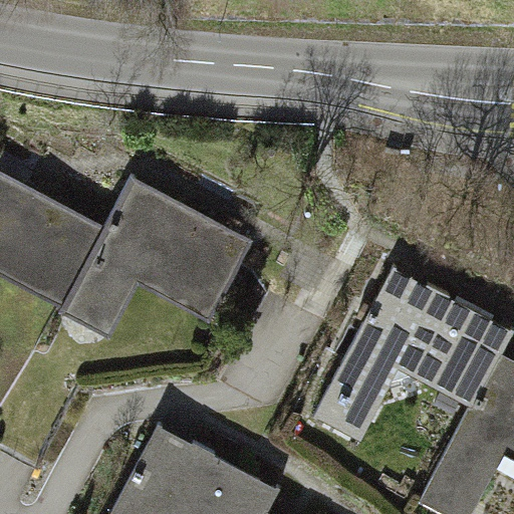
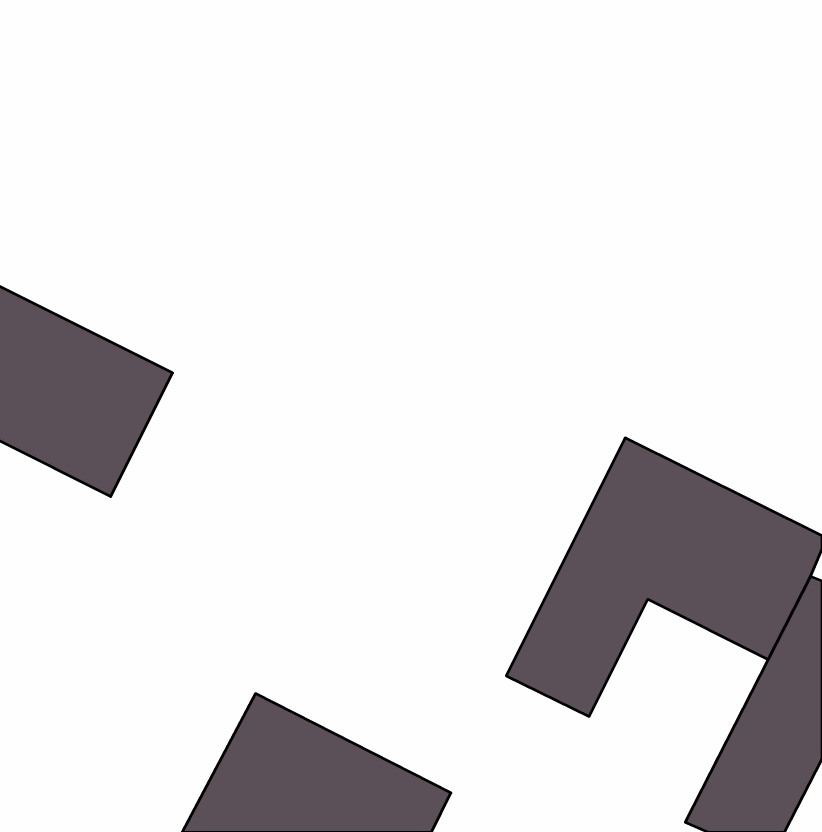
building: [68,184,249,329] -> none

